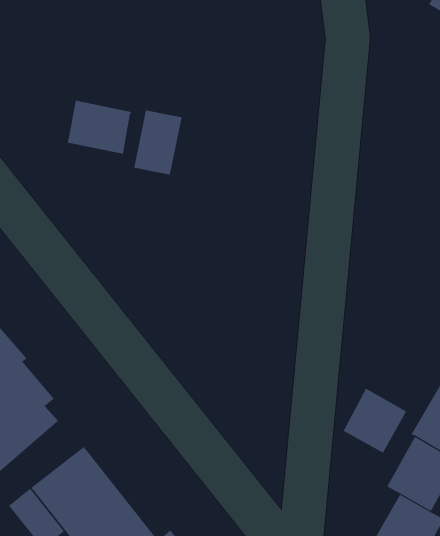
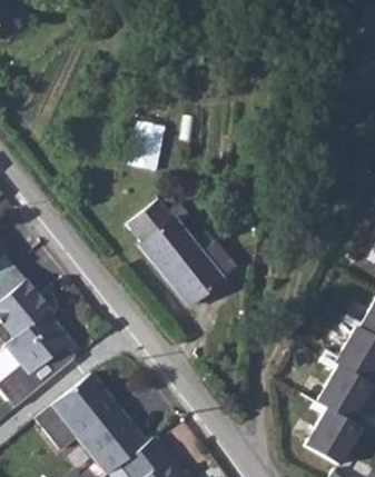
building: [67,100,132,155] -> none
building: none -> [127,199,237,309]
building: [343,388,407,454] -> none

